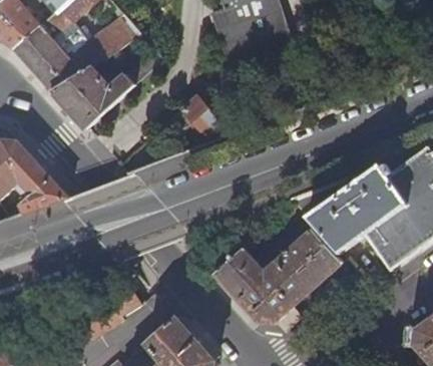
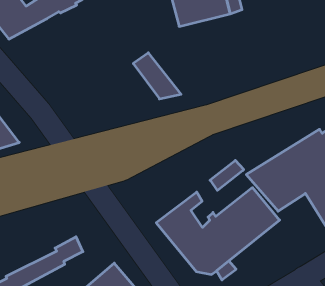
building: [50,51,161,129] -> none

